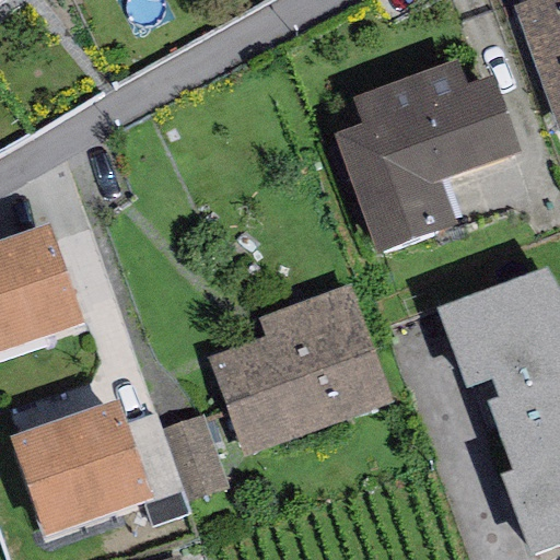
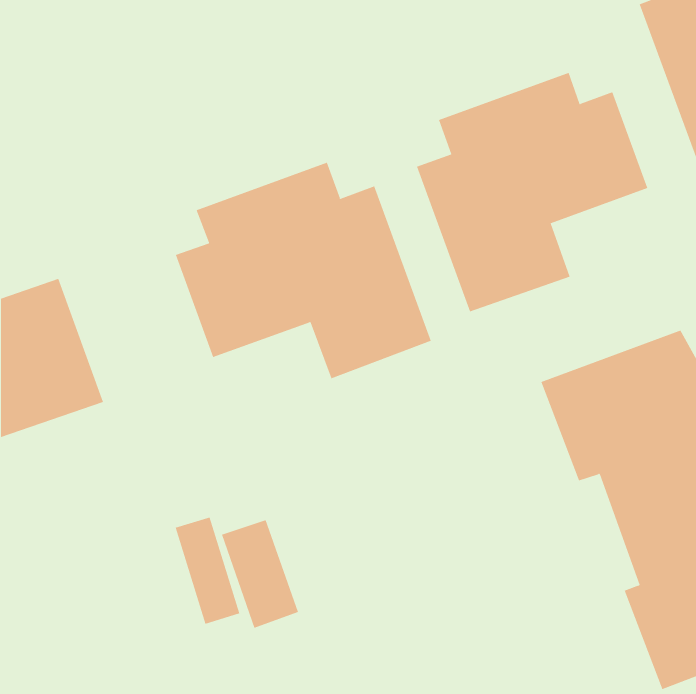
building: none -> [175,162,431,379]
building: [207,284,393,455] -> none
building: [11,399,153,536] -> none

